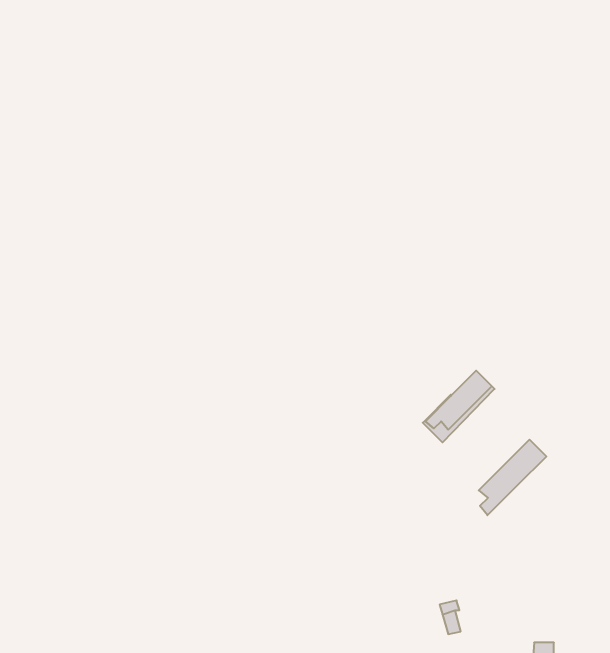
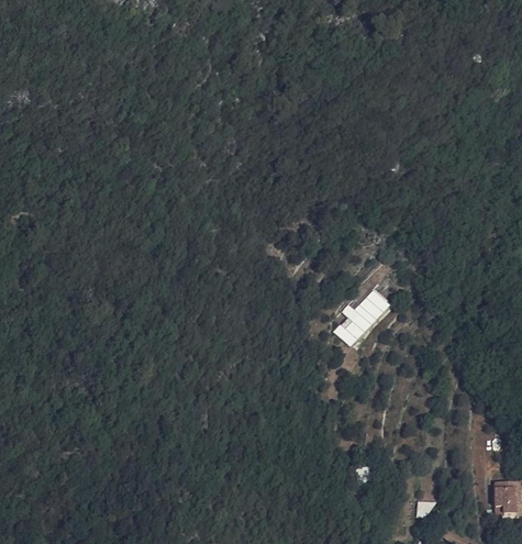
building: [479,440,546,515] -> none

